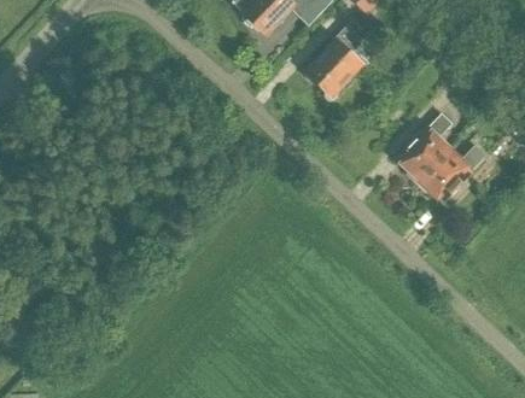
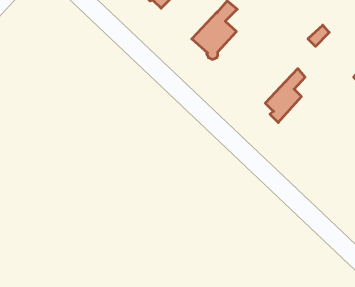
building: [416,145,485,199] -> none

